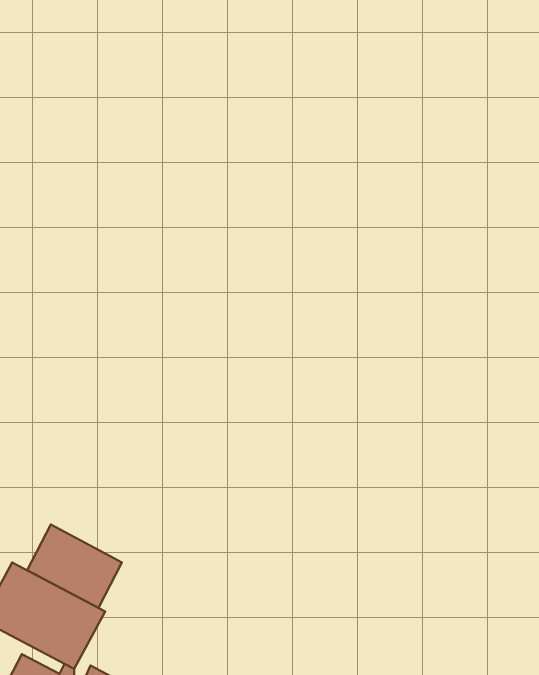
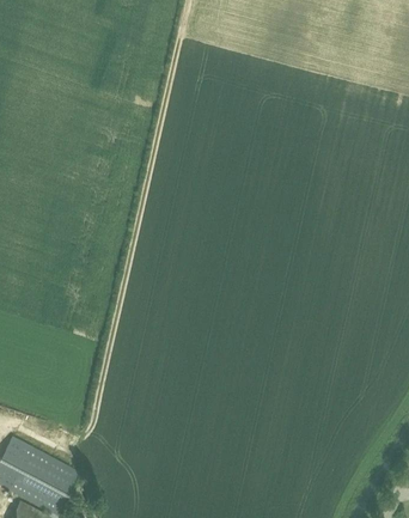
building: [27,525,122,608] -> none

